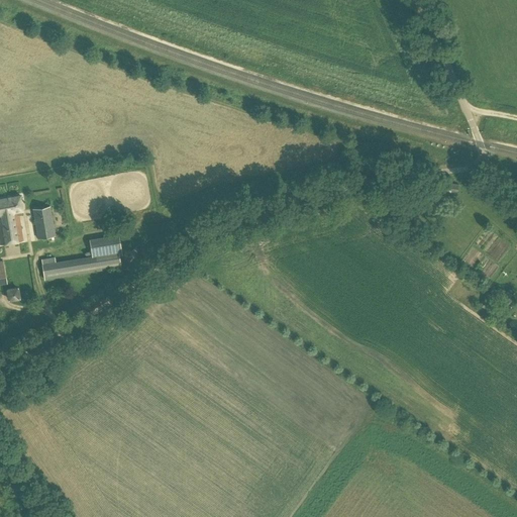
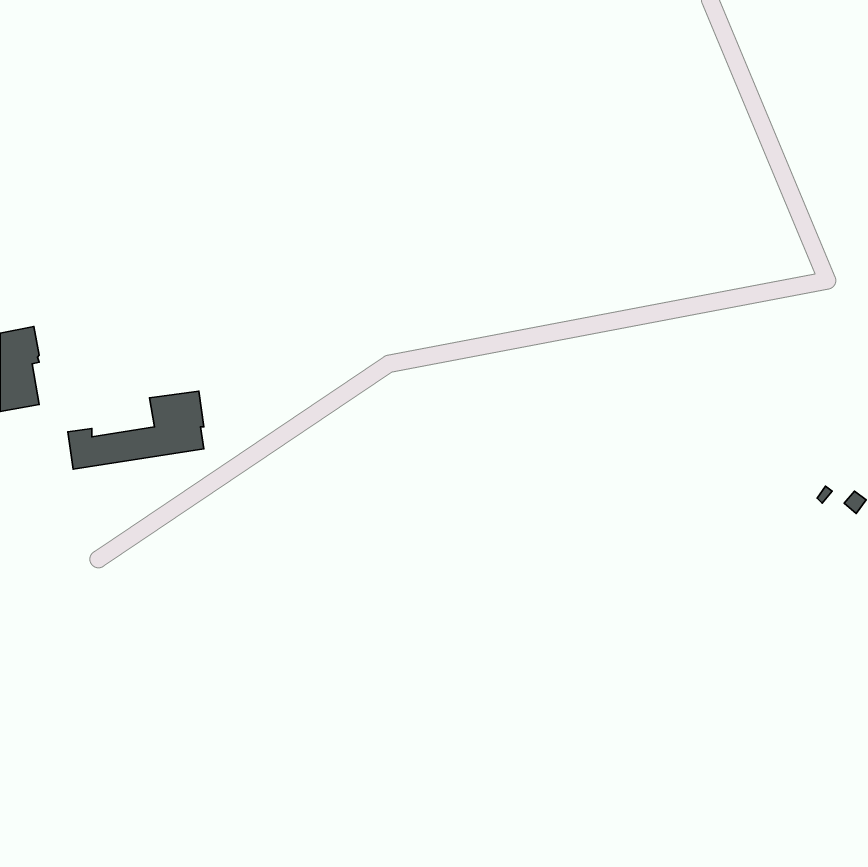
building: [32,207,55,240] -> none

